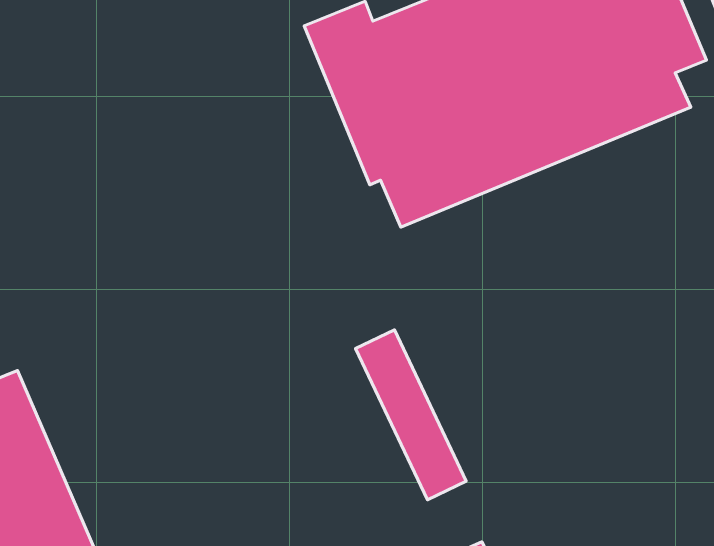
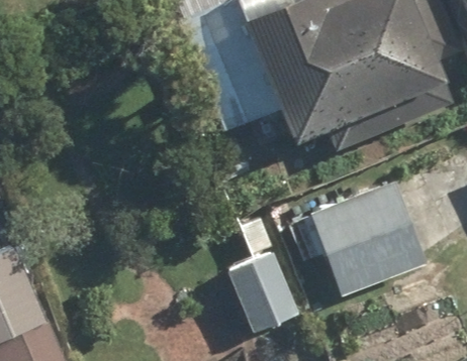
building: none -> [310,176,430,298]

